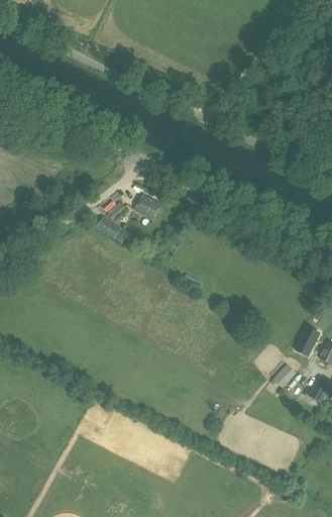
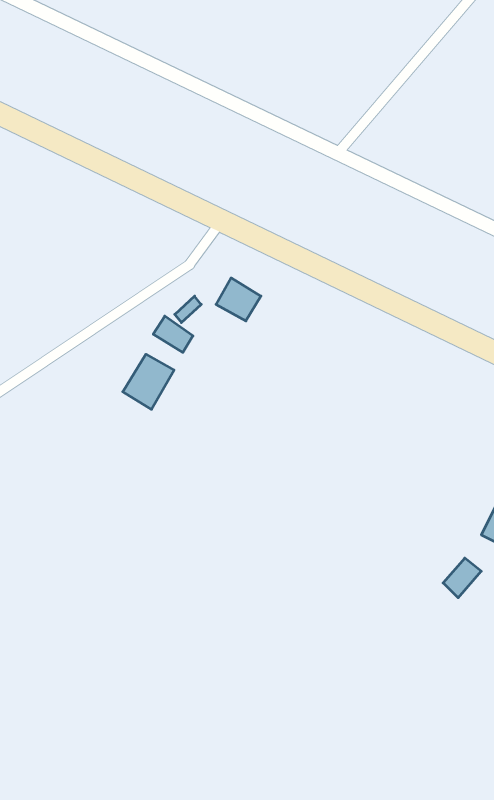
building: none -> [123,354,174,409]

